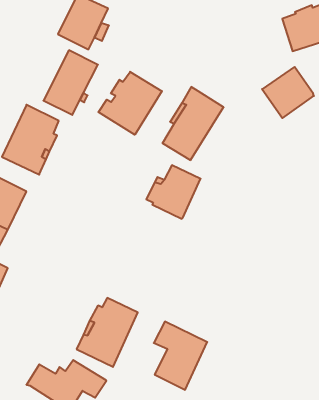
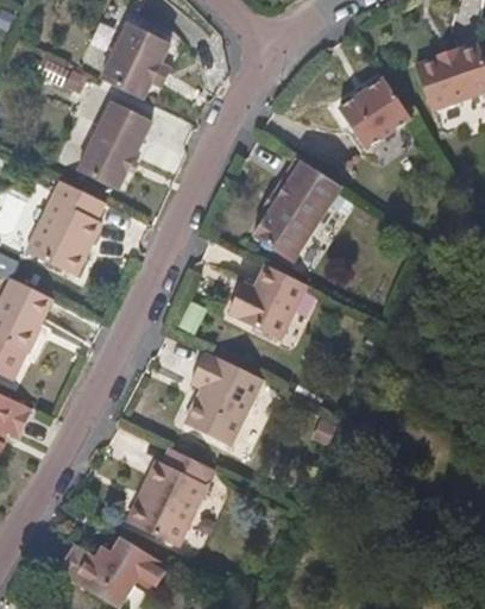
building: [262,67,314,118] -> [335,73,408,144]
building: [98,72,162,135] -> none
building: [154,322,207,390] -> [190,352,265,447]

